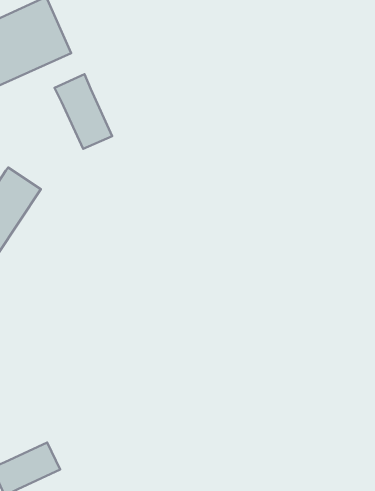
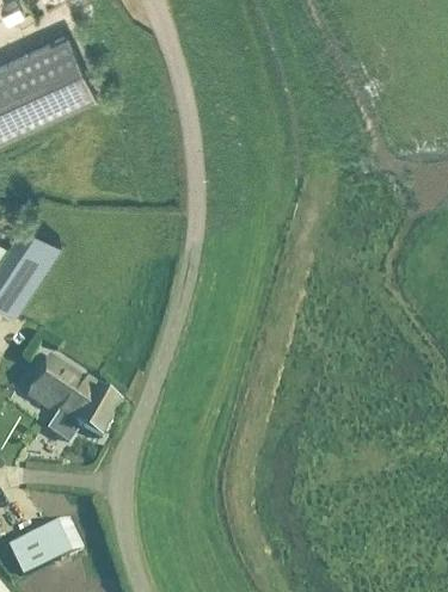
building: [55,74,112,149] -> none
building: none -> [22,360,119,442]

